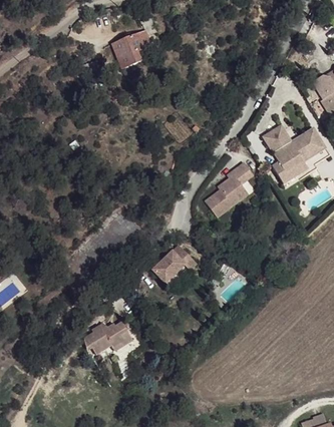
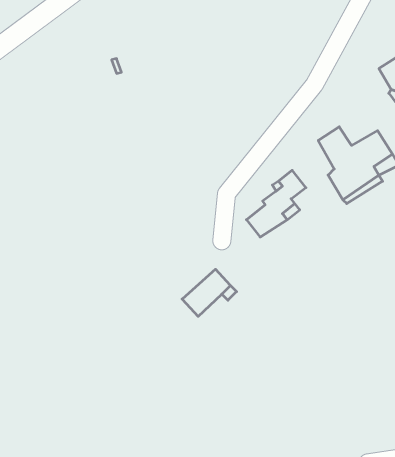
building: [112,31,149,68] -> none
building: [83,323,127,355] -> none

